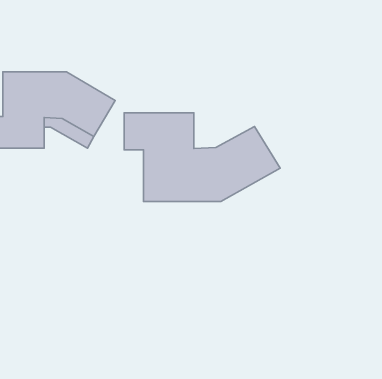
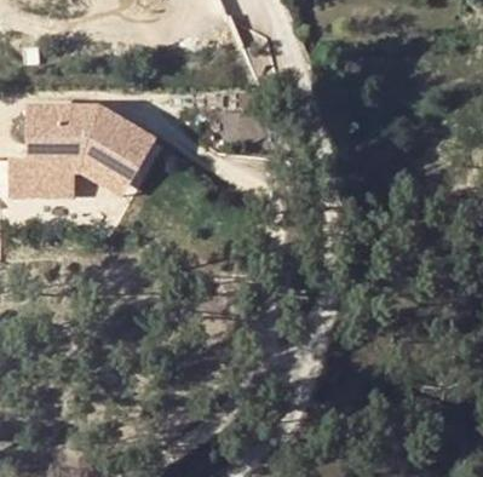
building: [124,113,280,202] -> none

